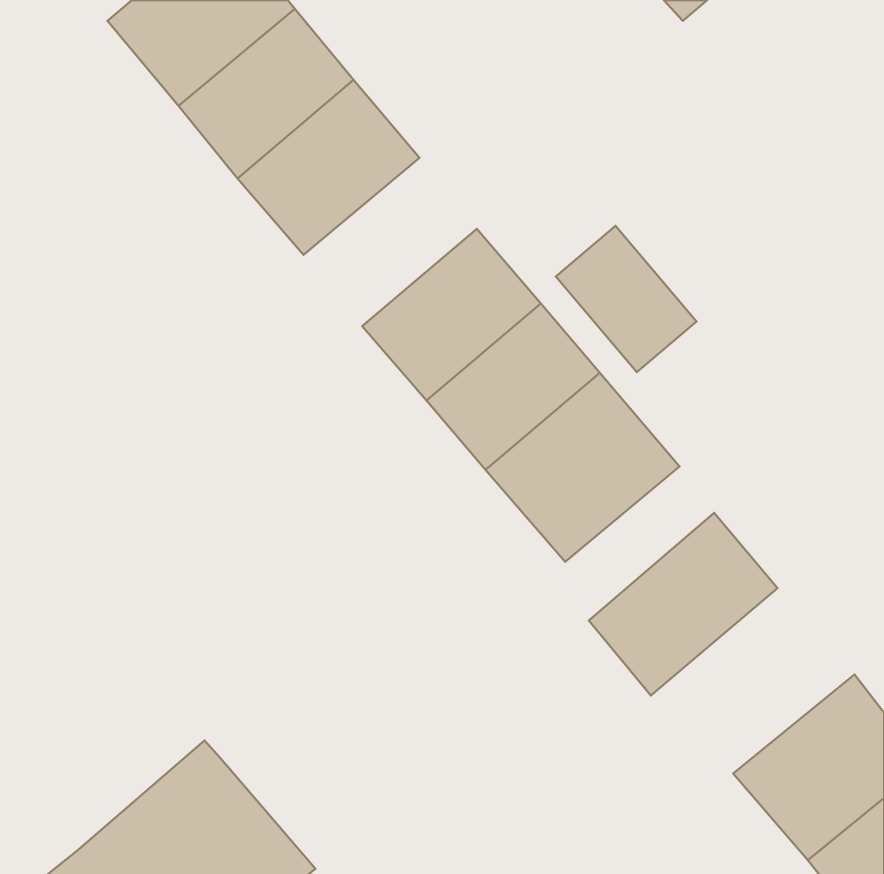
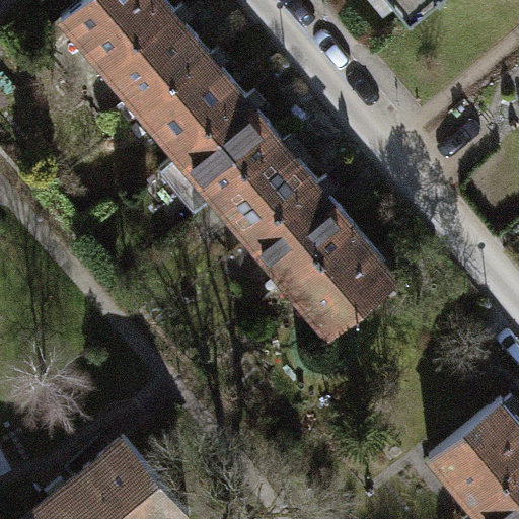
building: none -> [160,99,279,212]
building: [556,226,697,372] -> none
building: [589,513,777,696] -> none

